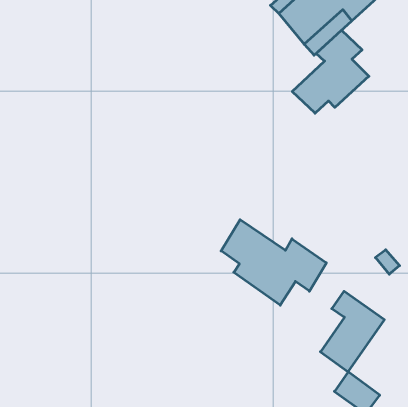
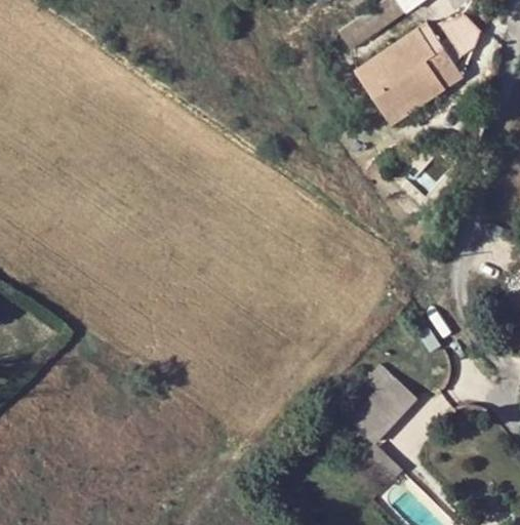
building: [292,30,369,113] -> none
building: [221,220,326,305] -> none

